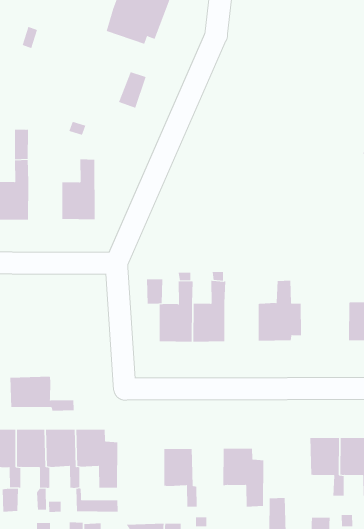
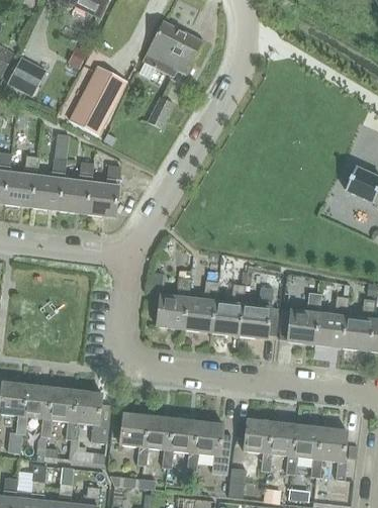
building: none -> [68,65,127,135]
building: none -> [60,162,94,213]
building: none -> [279,292,321,344]
building: none -> [211,283,246,335]
building: [10,376,74,412] -> none
building: none -> [243,418,272,472]
building: none -> [170,418,198,471]
building: none -> [119,412,149,465]

